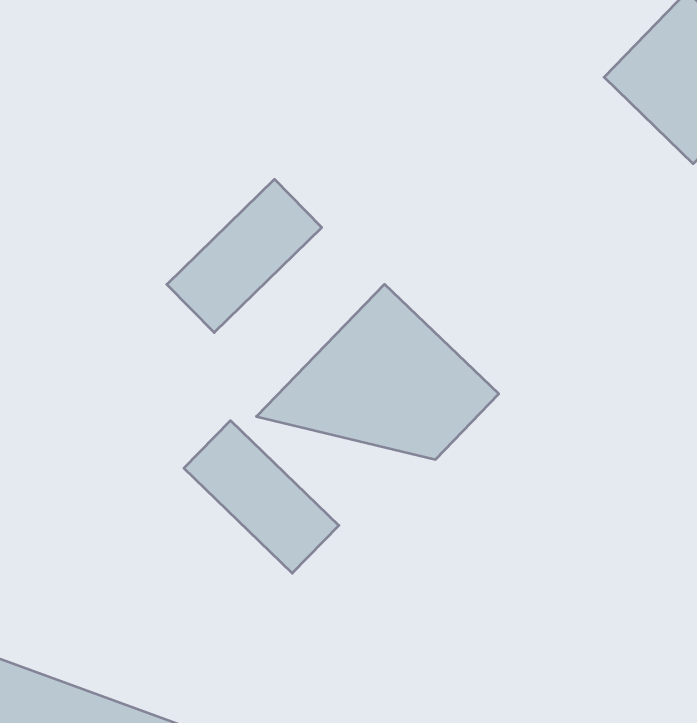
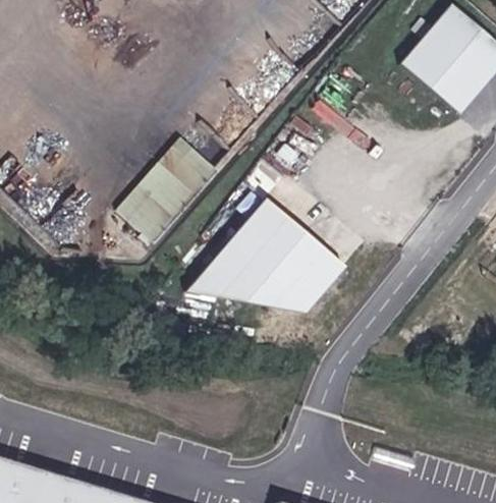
building: [184,421,339,573] -> none

